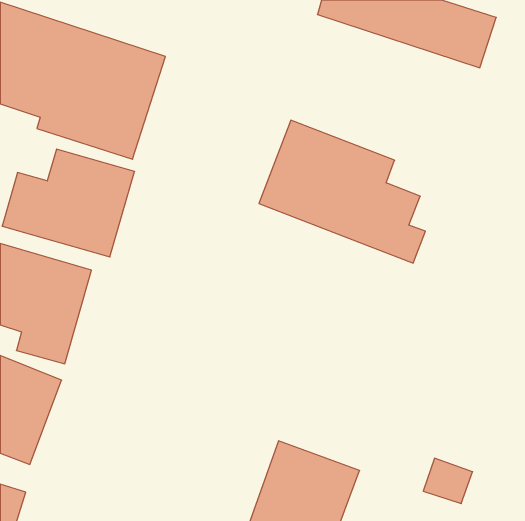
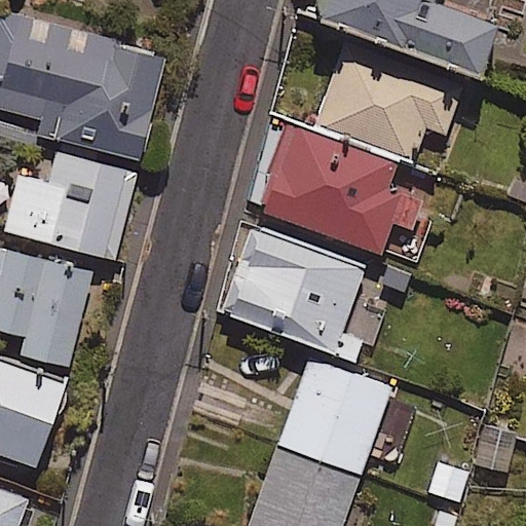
building: none -> [314,46,459,162]
building: none -> [222,227,363,358]
building: none -> [278,360,389,475]

